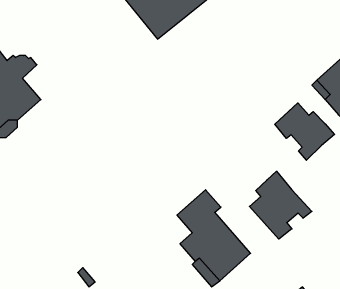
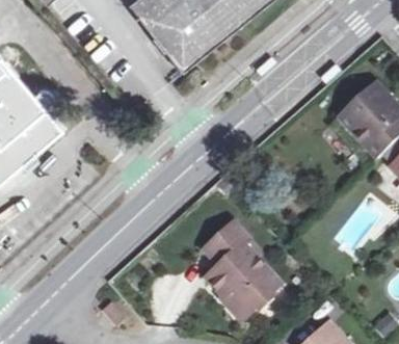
building: [275,103,335,160] -> none
building: [249,171,312,239] -> none

